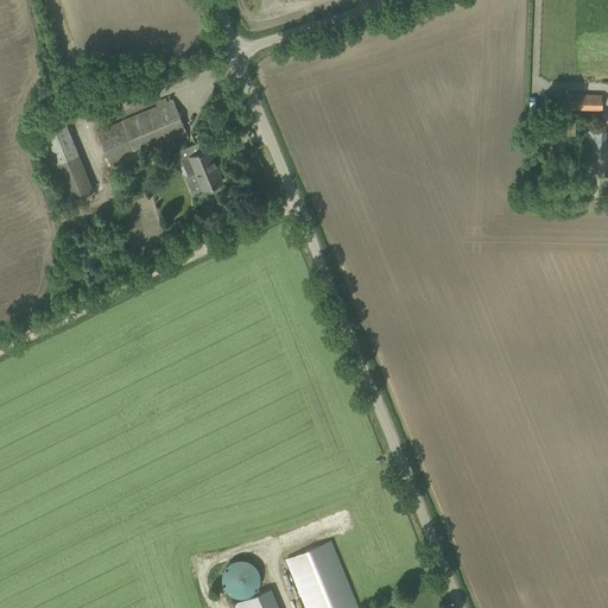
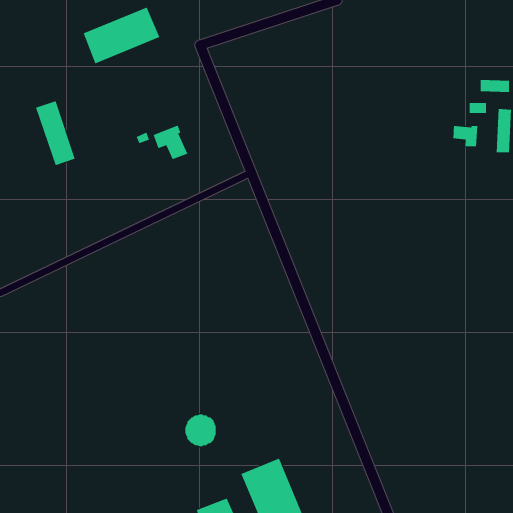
building: [97,101,189,169] -> [83,7,160,64]
building: none -> [453,125,478,147]
building: [221,559,259,598] -> [184,414,217,447]

